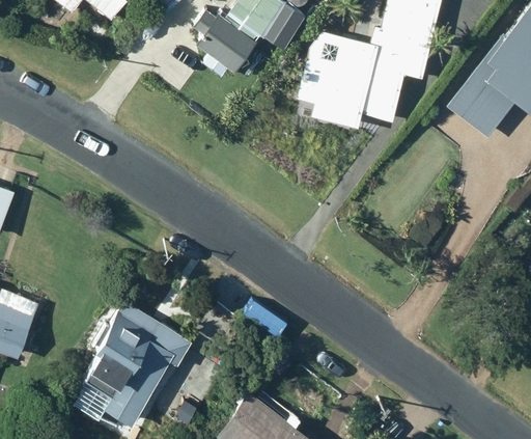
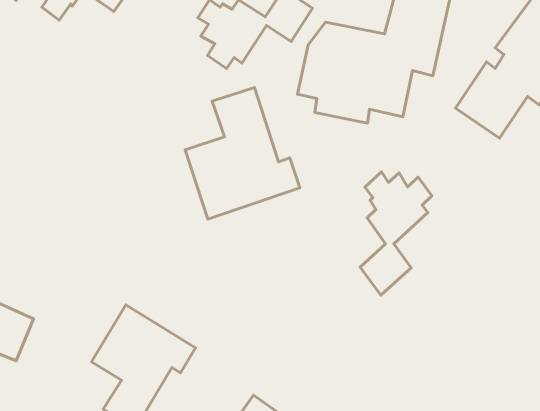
building: none -> [185,87,300,219]
building: none -> [360,172,432,295]

